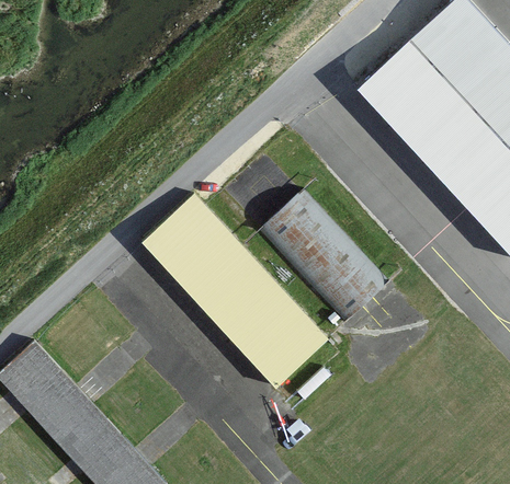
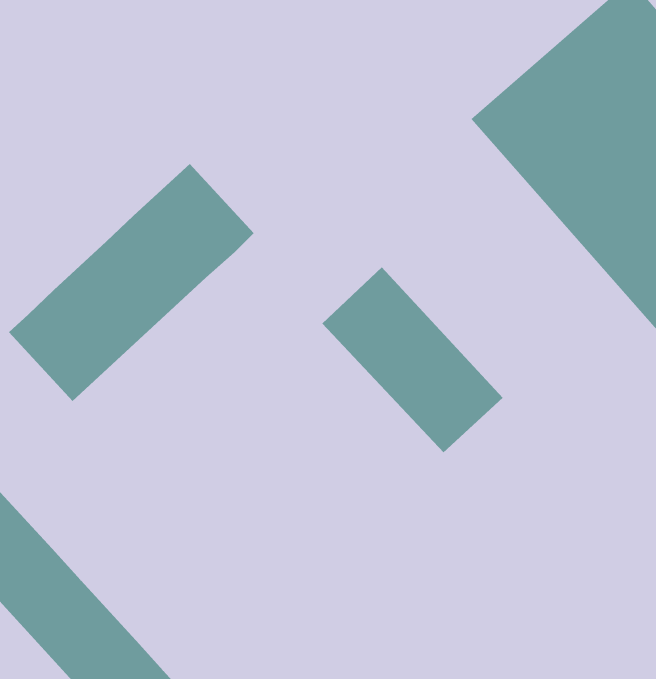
building: none -> [8,163,254,402]
building: [137,193,338,401] -> none

